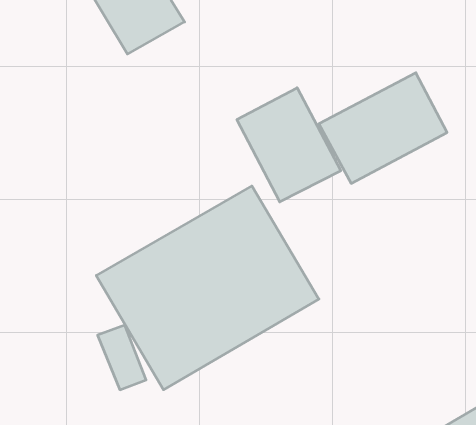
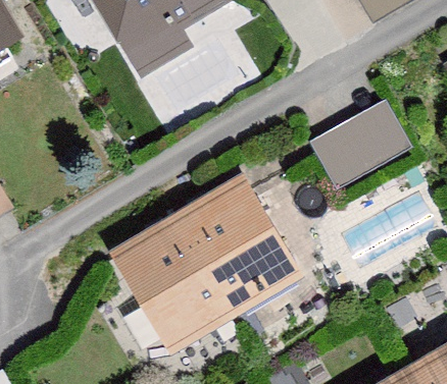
building: [237,88,341,202] -> none

